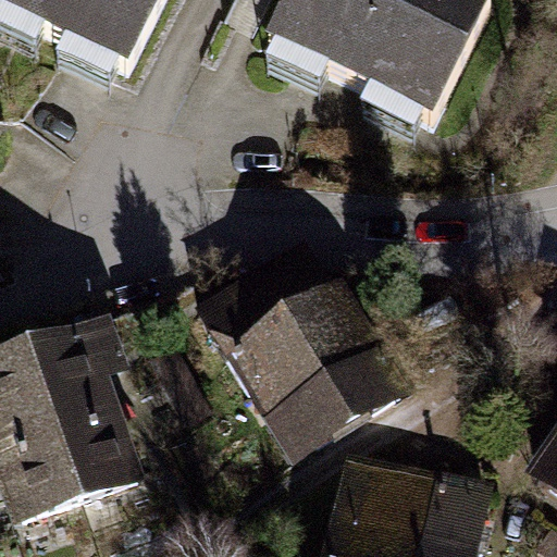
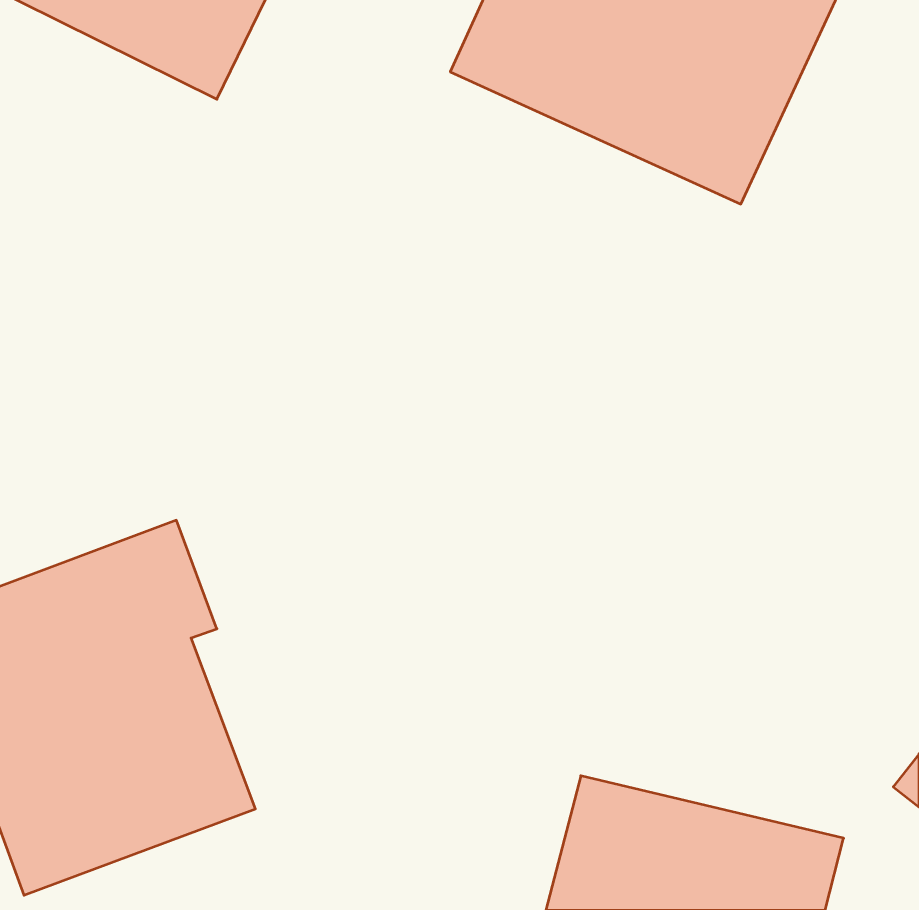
building: [191,243,384,451] -> none

